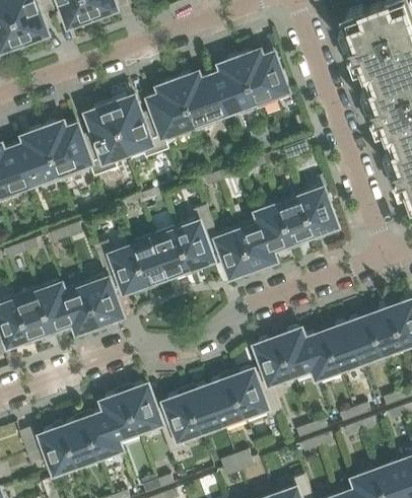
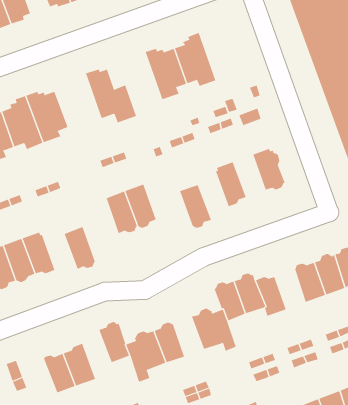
building: [238,50,289,110] -> none
building: [148,77,196,150] -> none
building: [74,101,127,176] -> none
building: [277,194,314,242] -> none
building: [176,206,230,277] -> none
building: [237,213,274,269] -> none
building: [95,241,146,316] -> none
building: [60,284,99,334] -> none
building: [325,323,359,370] -> none
building: [209,378,244,424] -> none
building: [101,394,138,438] -> none
building: [41,426,76,474] -> none

